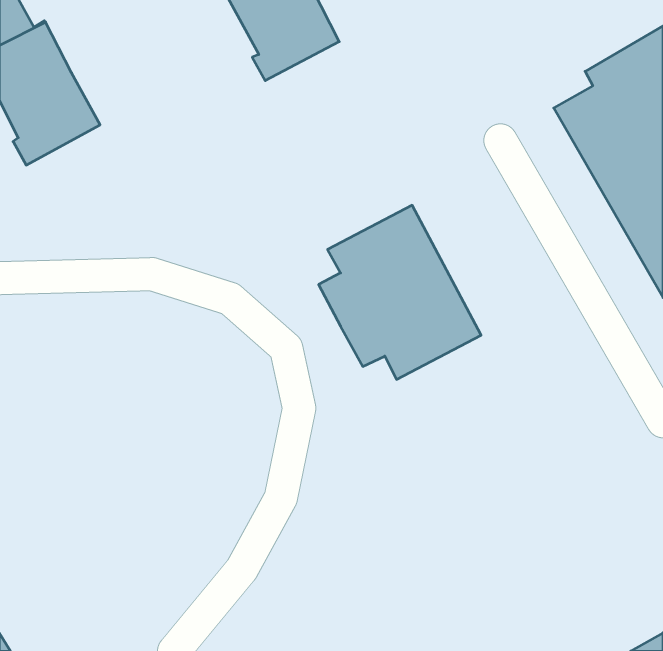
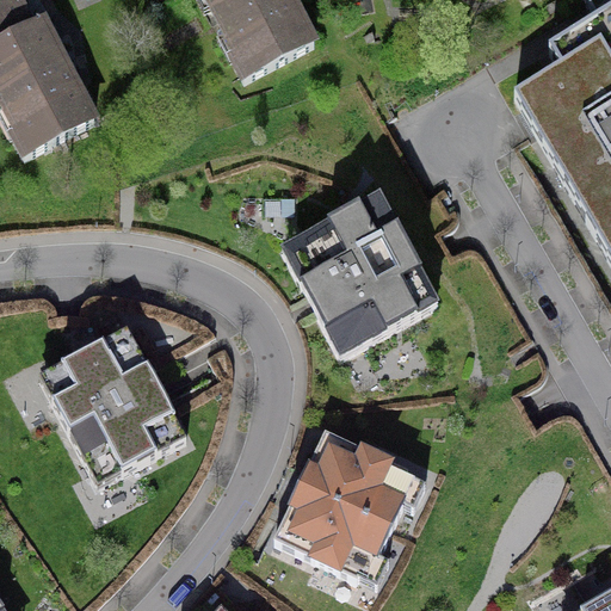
building: none -> [62,316,200,468]
building: none -> [278,424,413,579]

